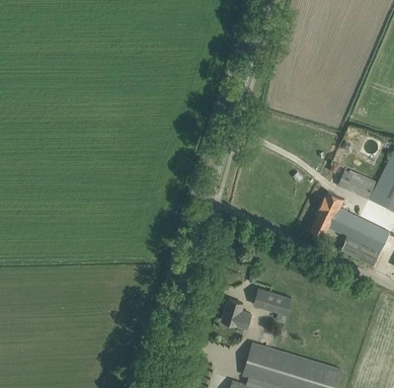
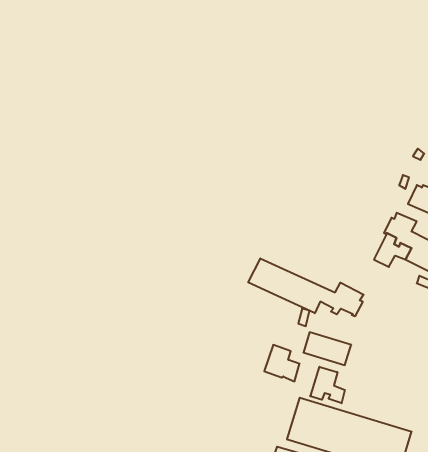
building: none -> [248,258,364,316]
building: none -> [310,367,345,403]

